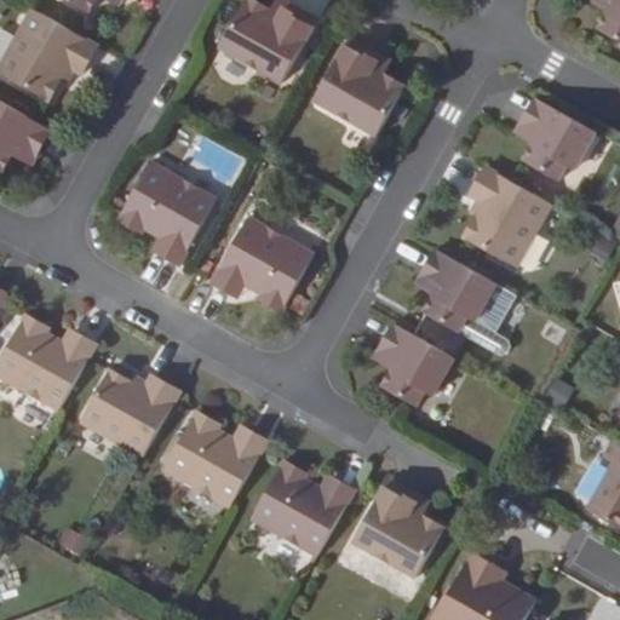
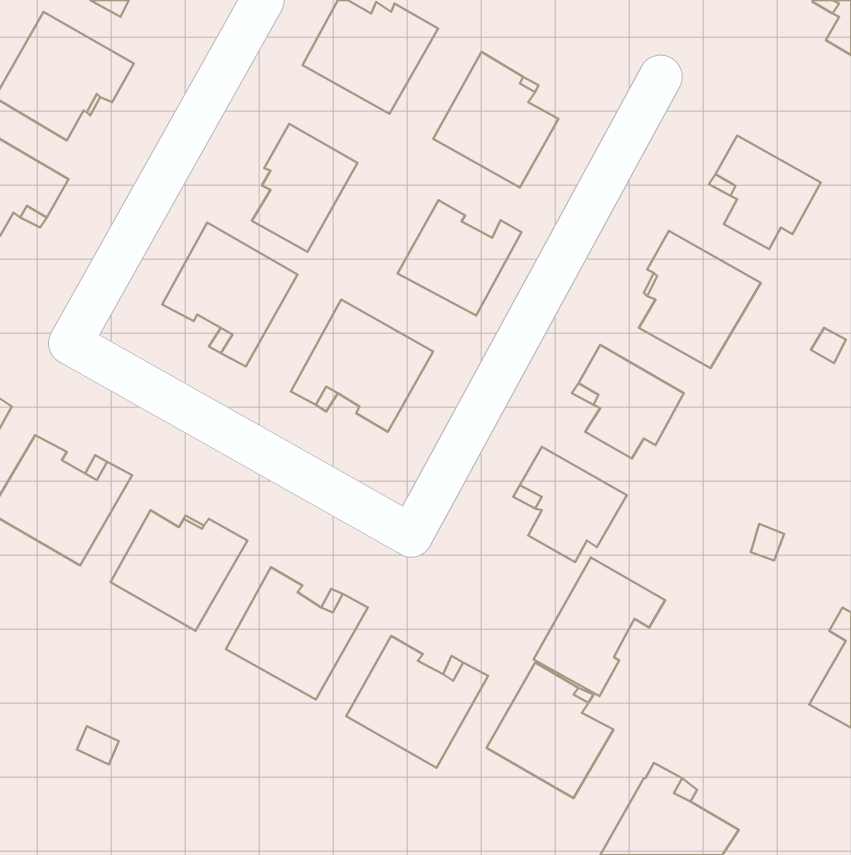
building: none -> [252,124,358,252]
building: none -> [398,200,522,316]
building: [458,285,515,355] -> none
building: none -> [533,557,665,696]

